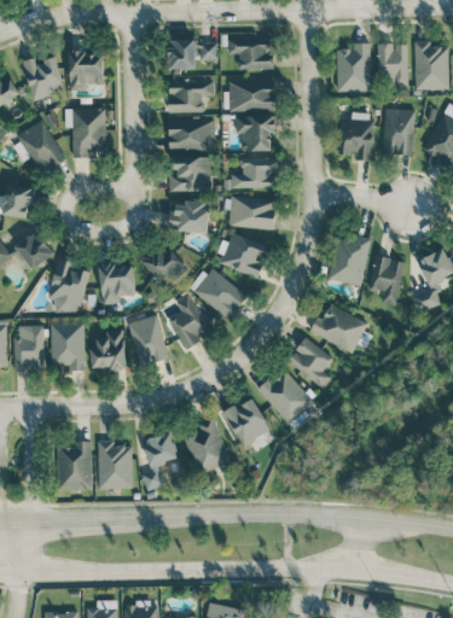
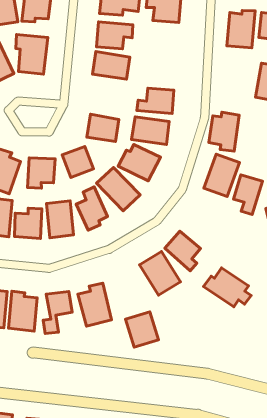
building: [228,81,274,110] -> none
building: [338,112,373,161] -> [209,112,239,151]
building: [234,115,273,151] -> none
building: [170,157,210,192] -> none
building: [309,304,372,352] -> [203,268,251,307]
building: [223,397,269,445] -> [125,312,159,347]

